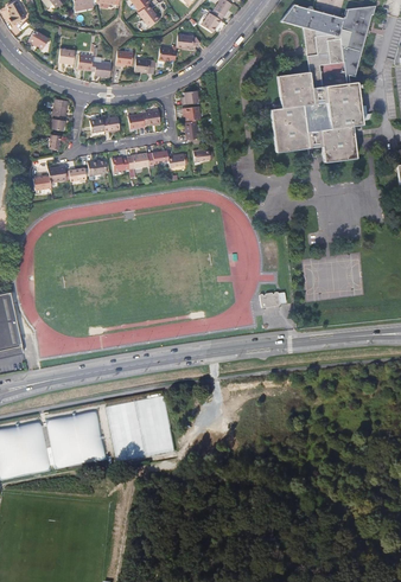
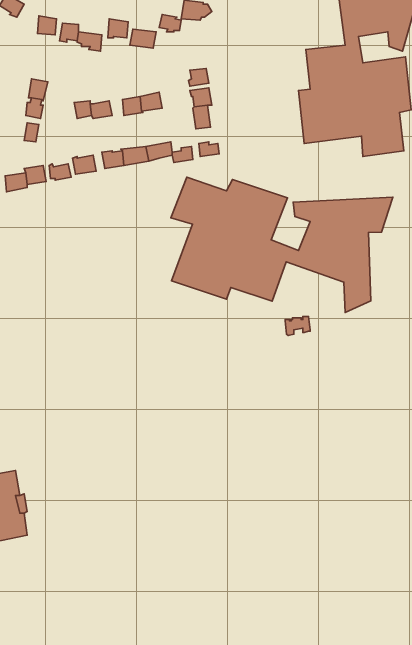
building: none -> [171,177,393,312]

